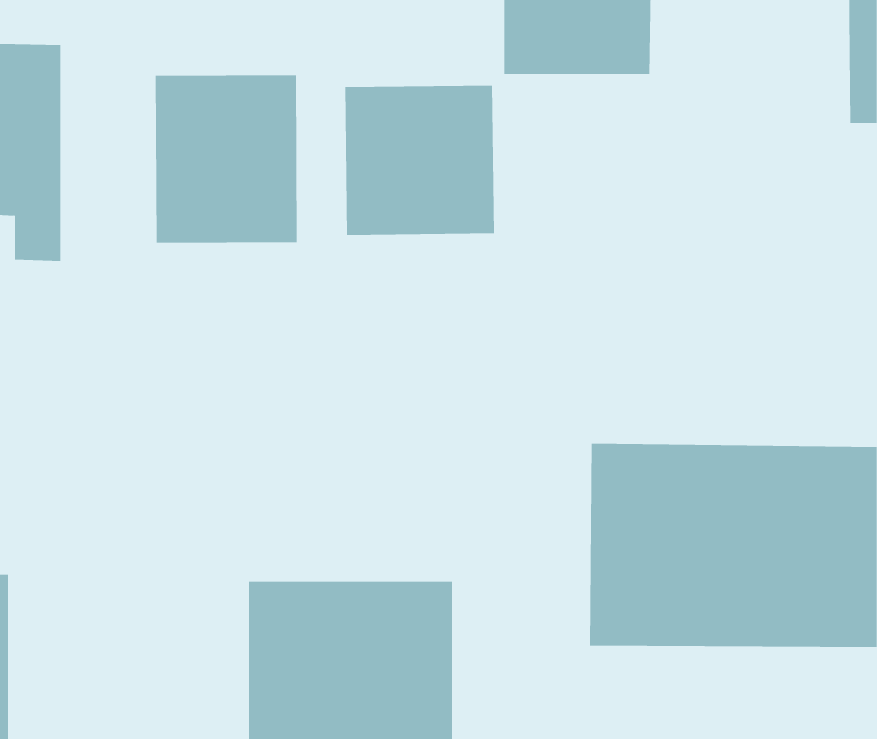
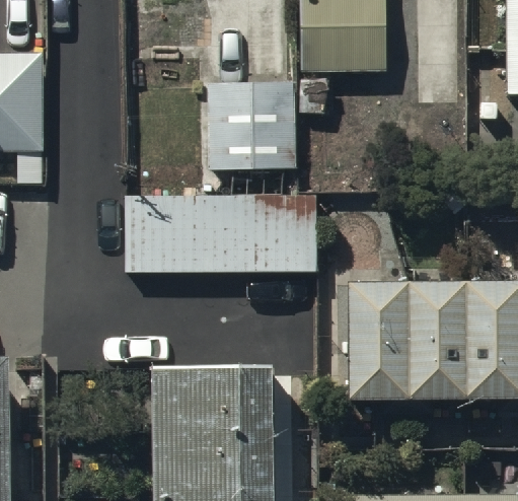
building: [155,75,297,244] -> none
building: none -> [125,193,318,275]

